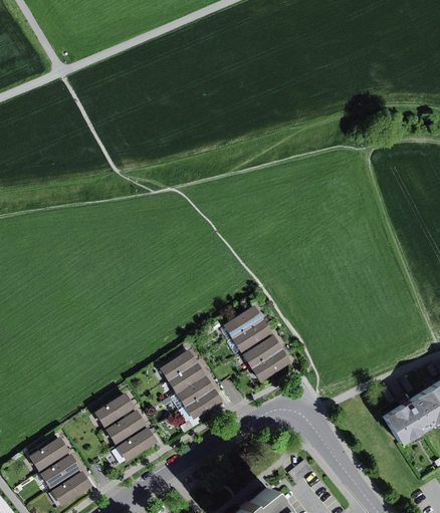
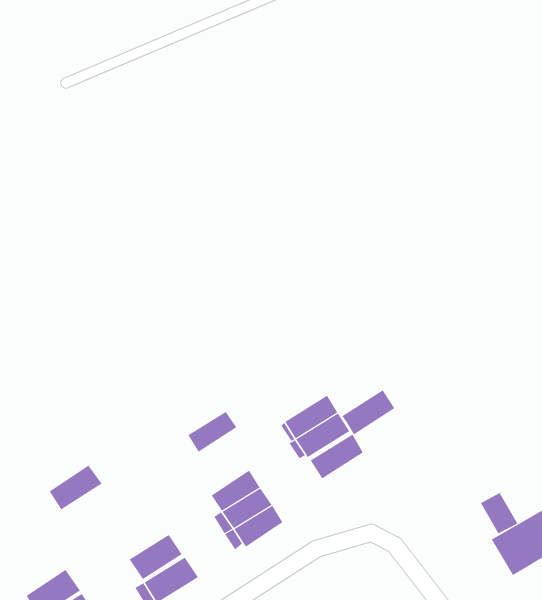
building: [252,348,292,382] -> [342,390,395,435]
building: [161,349,198,380] -> [187,411,237,453]
building: none -> [480,492,518,534]
building: [96,393,137,427] -> [49,465,102,510]

